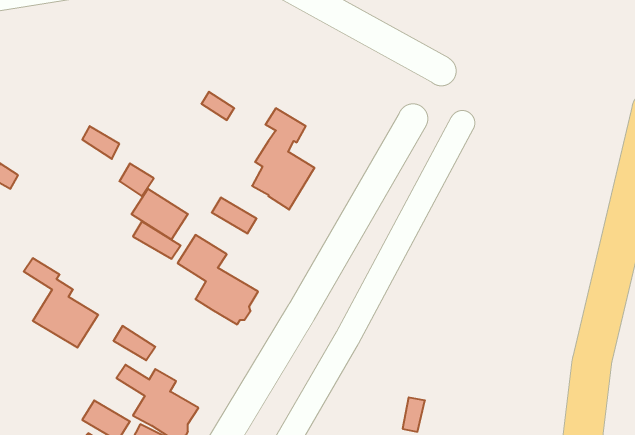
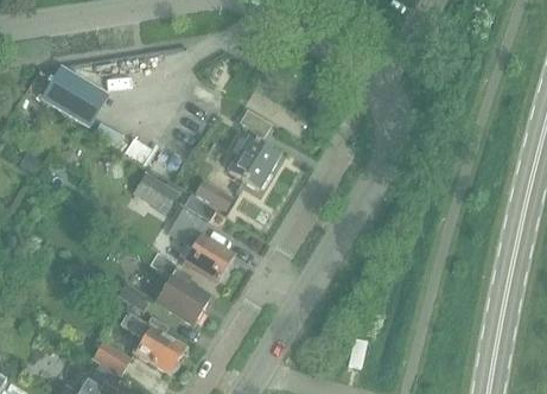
building: none -> [39,64,108,126]
building: [24,258,98,348] -> [150,253,209,324]

